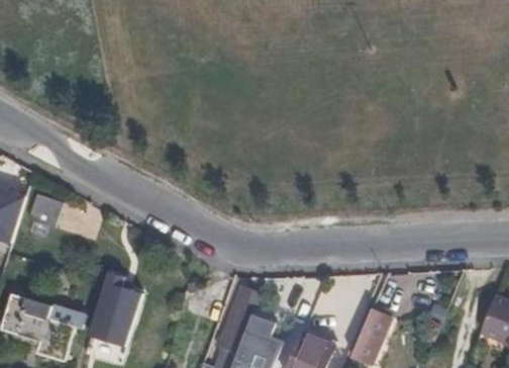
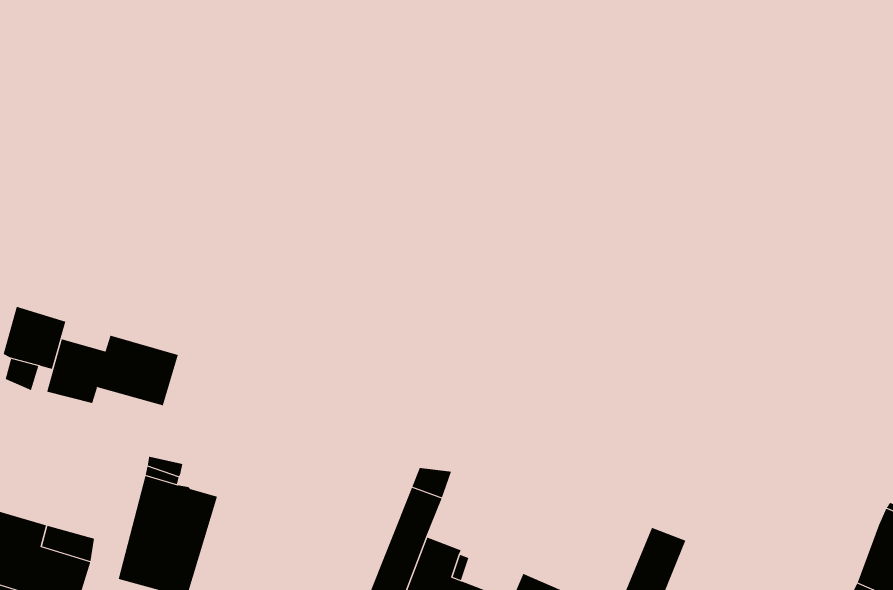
building: none -> [46,335,179,406]

